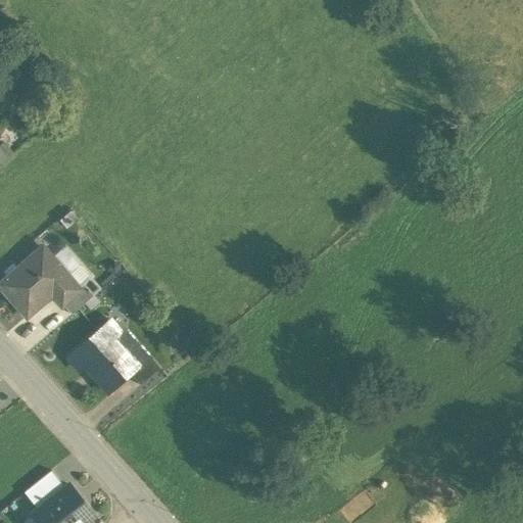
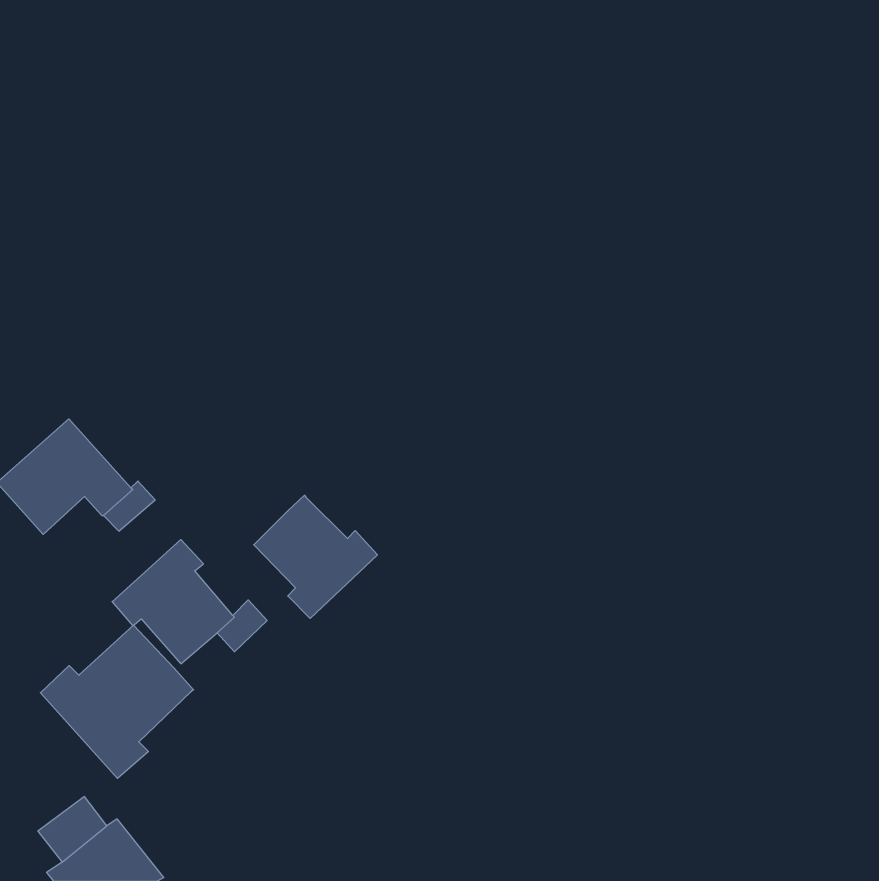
building: none -> [254,495,377,618]
building: none -> [40,625,194,778]

